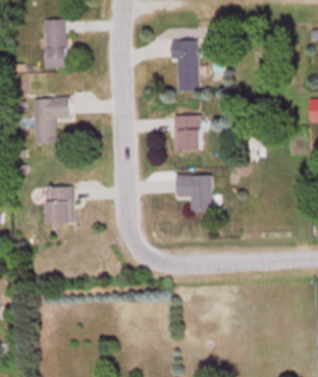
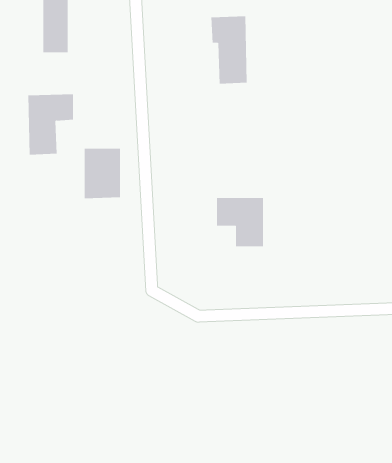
building: [174,114,201,149] -> none
building: [46,186,73,224] -> [84,148,121,199]

